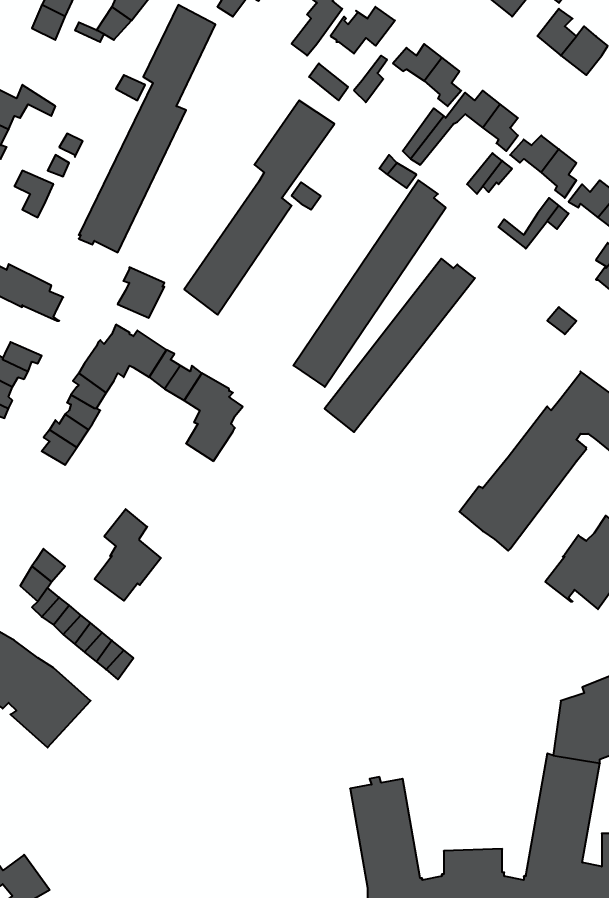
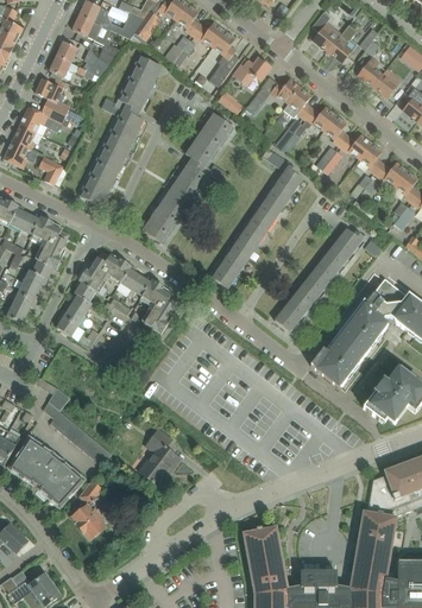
building: none -> [36,77,82,125]
building: [325,259,475,432] -> [275,227,366,332]
building: [118,267,164,318] -> [37,238,65,268]
building: [95,509,161,601] -> [139,428,179,483]
building: none -> [71,479,106,539]

